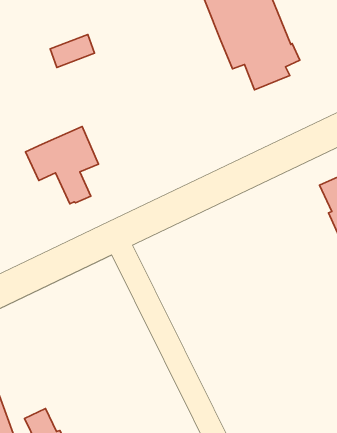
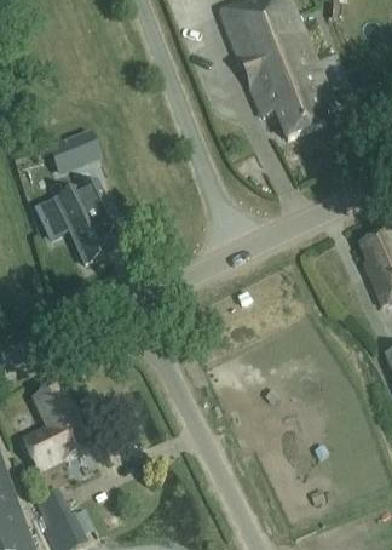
building: [50,34,94,68] -> [48,132,97,168]
building: none -> [22,383,90,468]

